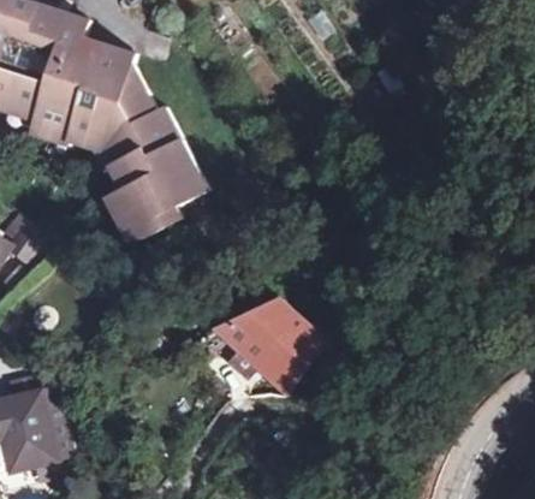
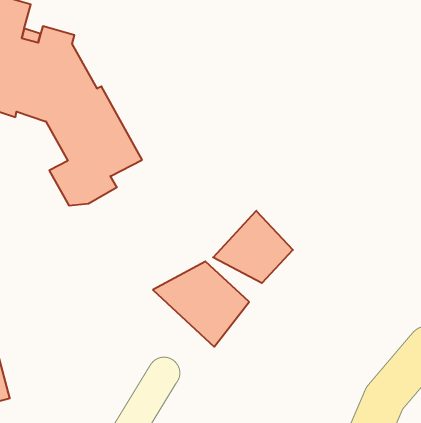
building: none -> [213,211,293,283]

